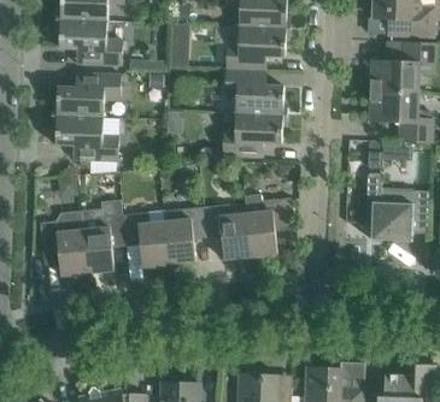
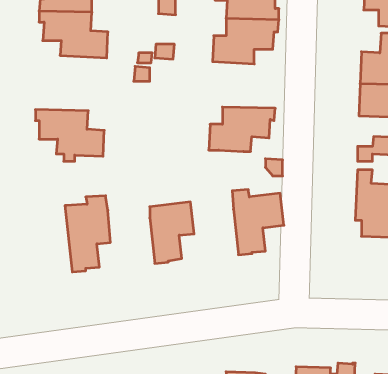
building: [224,69,287,114] -> none
building: [52,72,122,117] -> none
building: [204,203,251,259] -> none
building: [40,209,88,276] -> none
building: [123,212,169,267] -> none

